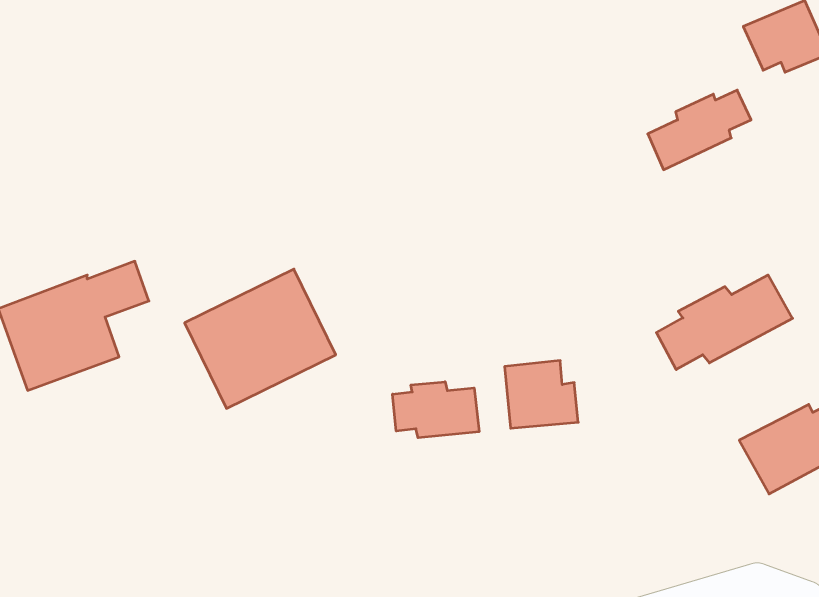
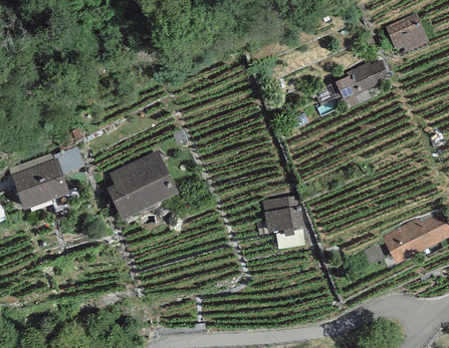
building: [656,275,793,370] -> none
building: [393,382,479,438] -> none

